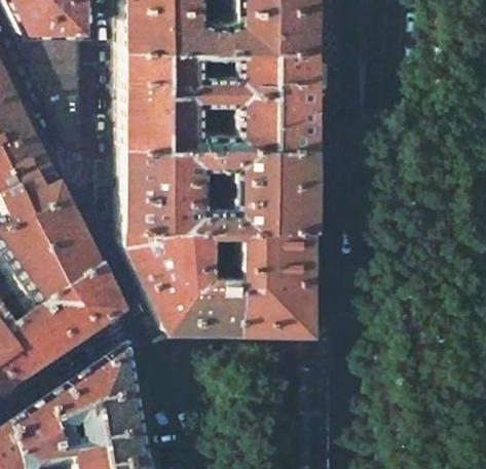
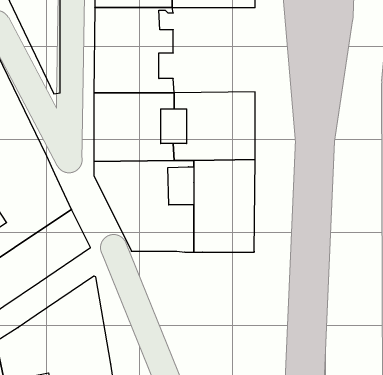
building: [218,43,313,142] -> none
building: [213,227,242,271] -> none

